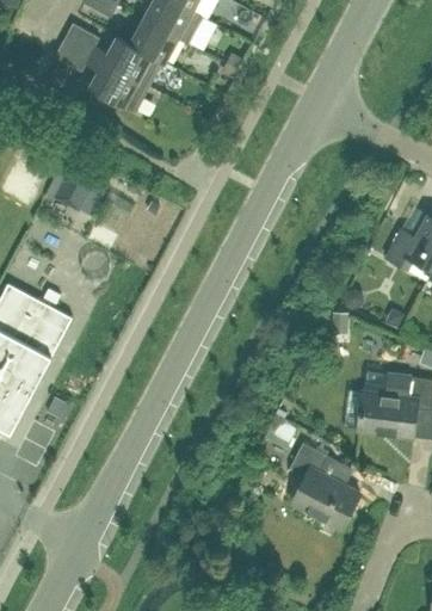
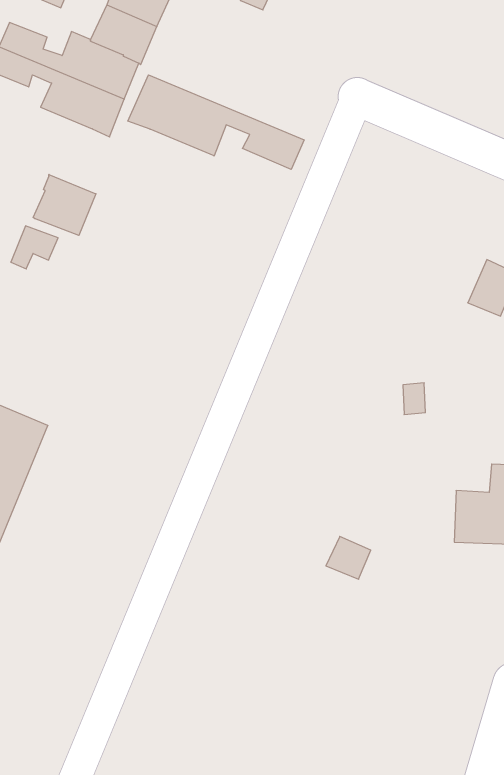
building: none -> [128,75,304,169]
building: none -> [33,174,96,235]
building: [289,442,359,527] -> none

